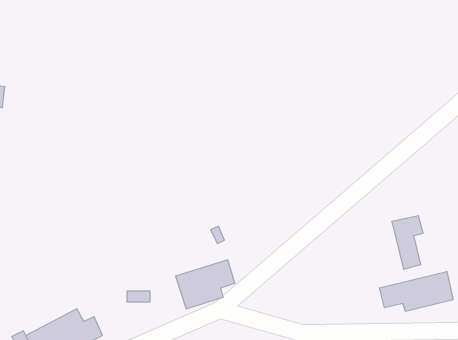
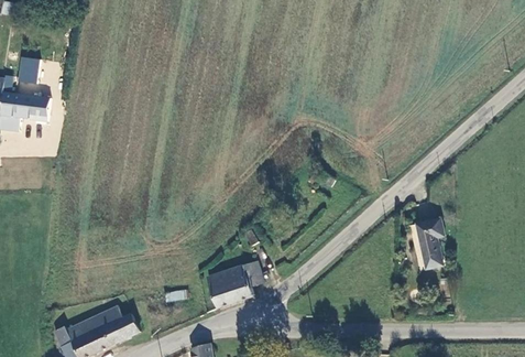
building: [379,271,453,311] -> none

